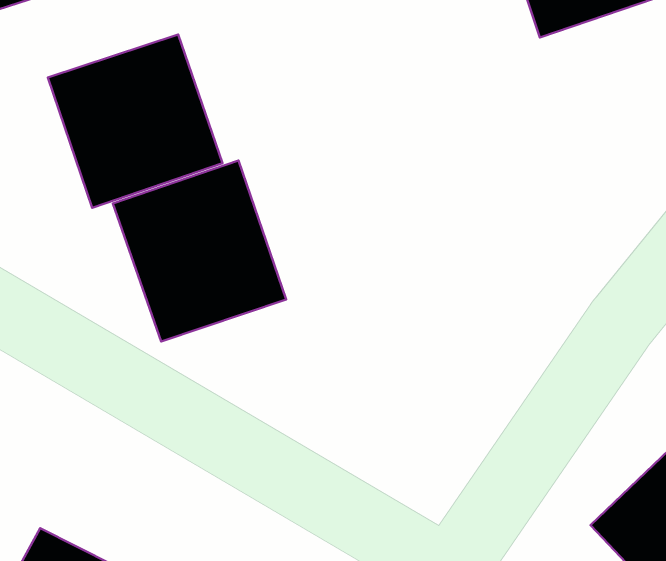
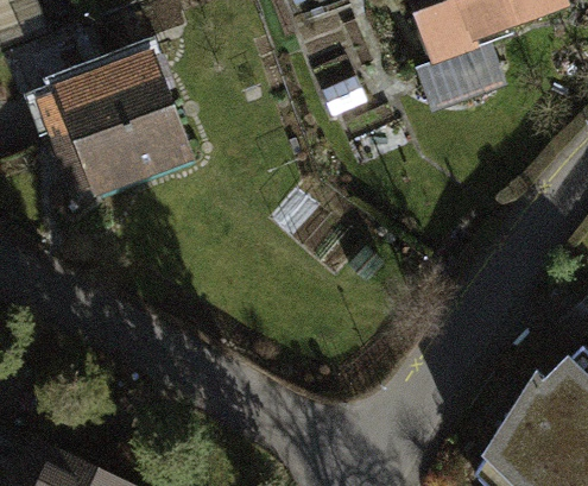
building: [113,160,286,342] -> none

